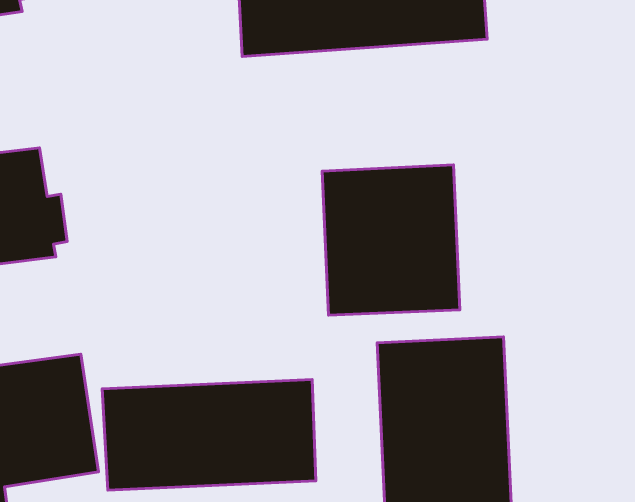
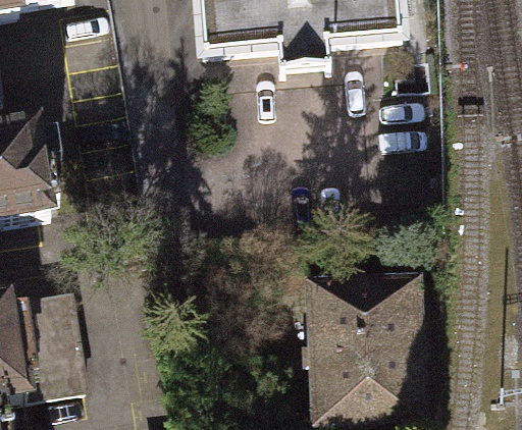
building: [322,165,460,315] -> none
building: [102,379,316,490] -> none

